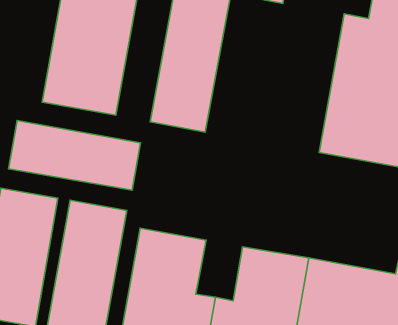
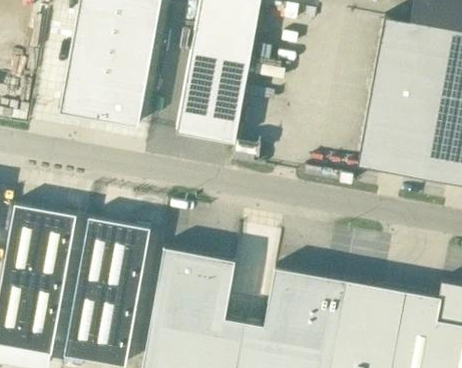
building: [9,121,140,190] -> none

